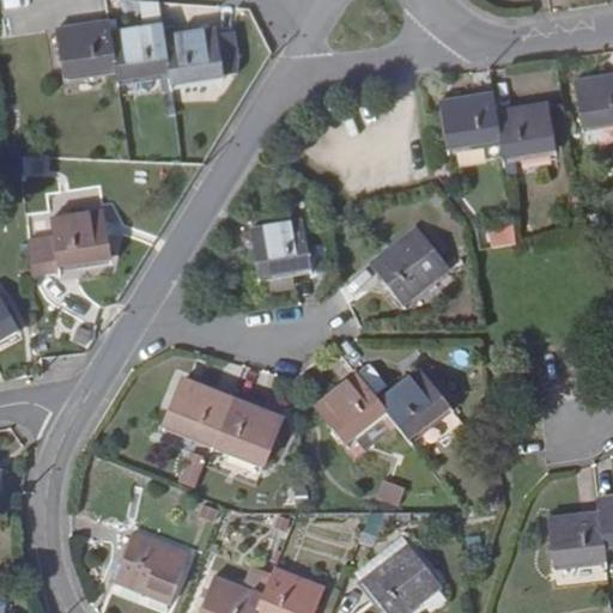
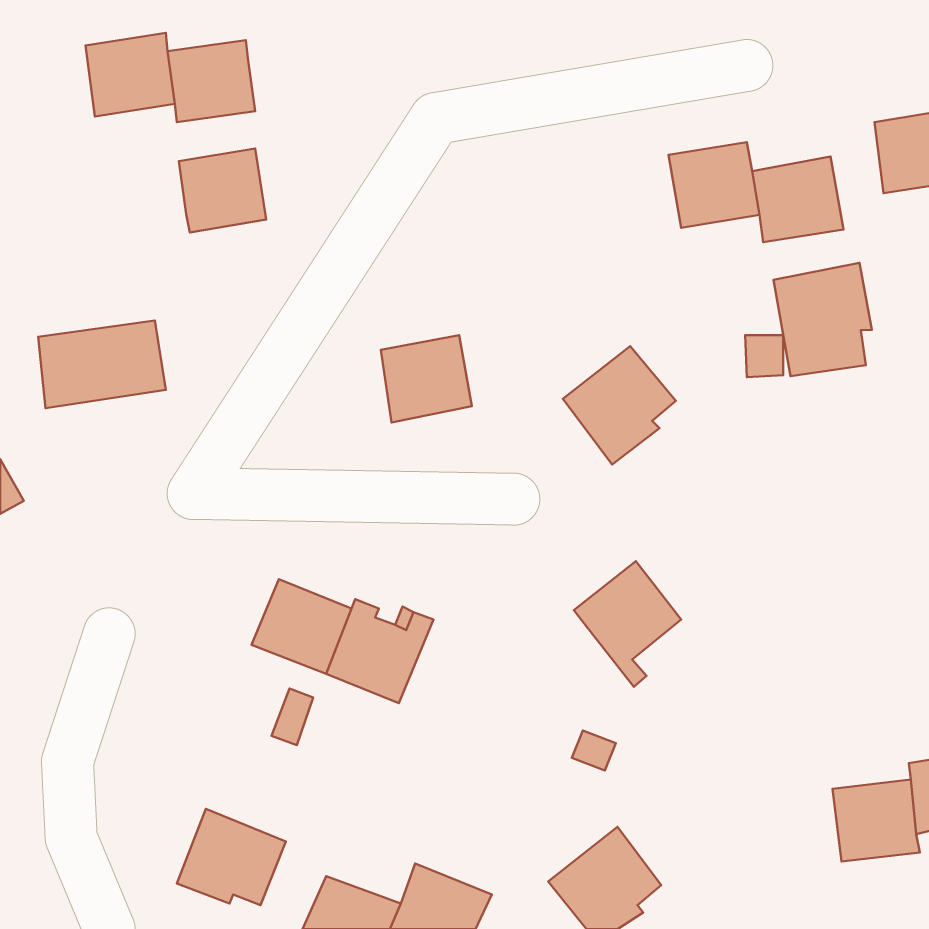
building: [164,30,221,85] -> [179,149,266,232]
building: none -> [774,263,872,376]
building: [315,374,387,444] -> none

